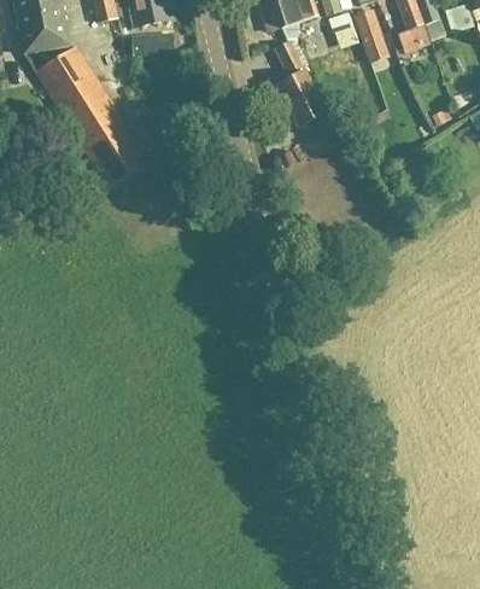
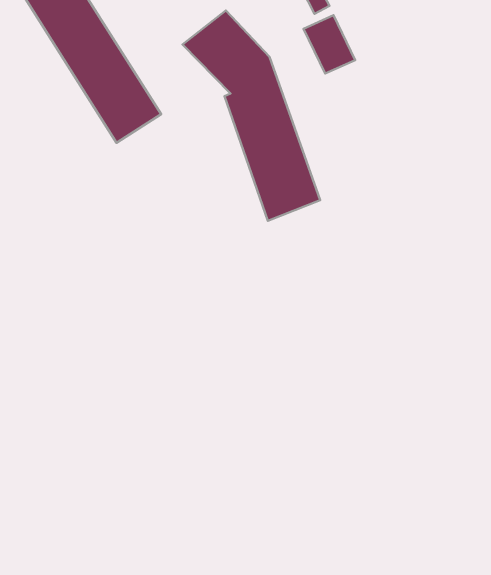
building: none -> [182,10,320,221]

